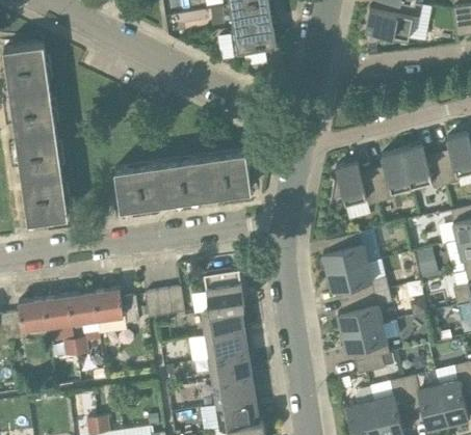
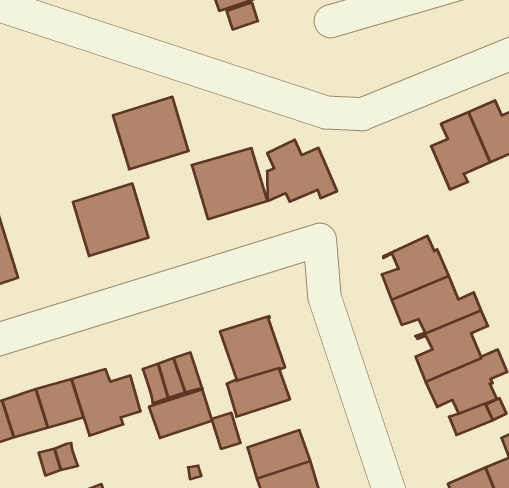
building: [158,158,207,203] -> [113,97,189,169]
building: [330,163,380,207] -> [267,140,337,202]
building: [205,332,247,361] -> [149,389,212,438]

